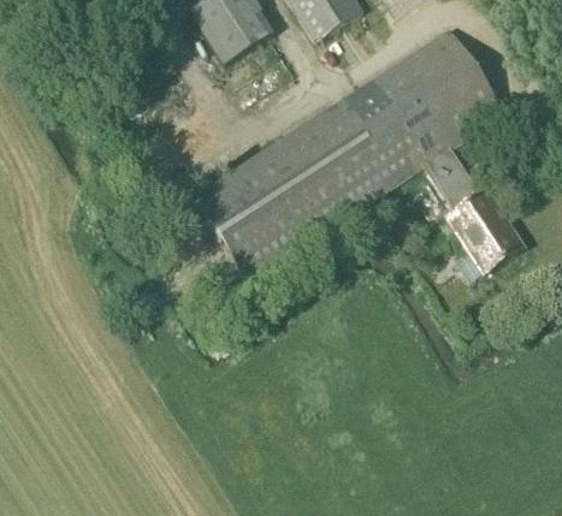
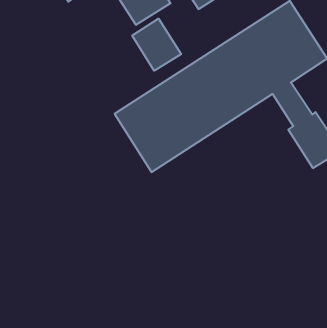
building: none -> [132,19,181,71]

